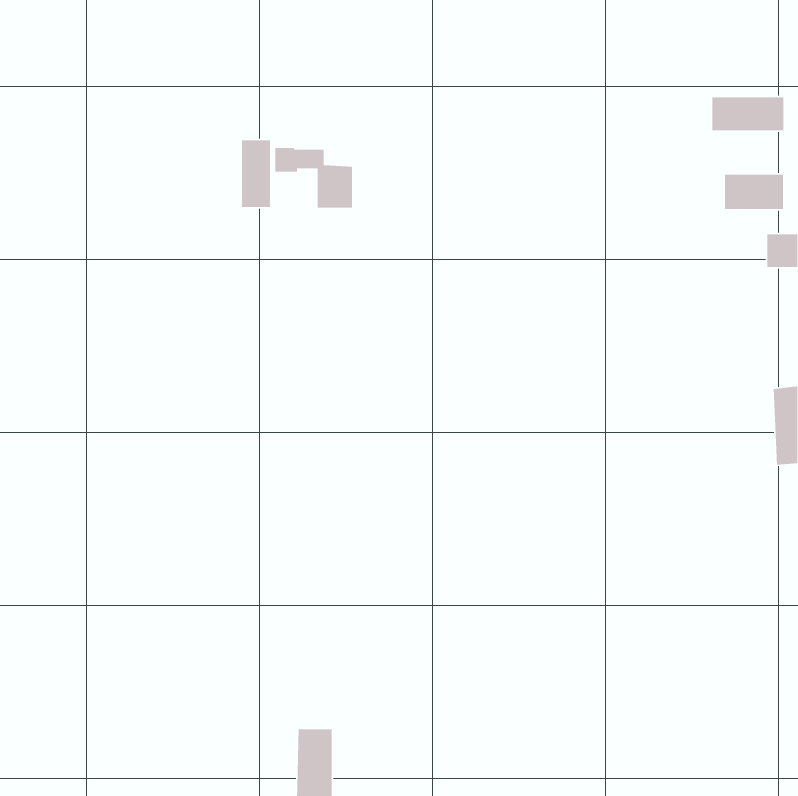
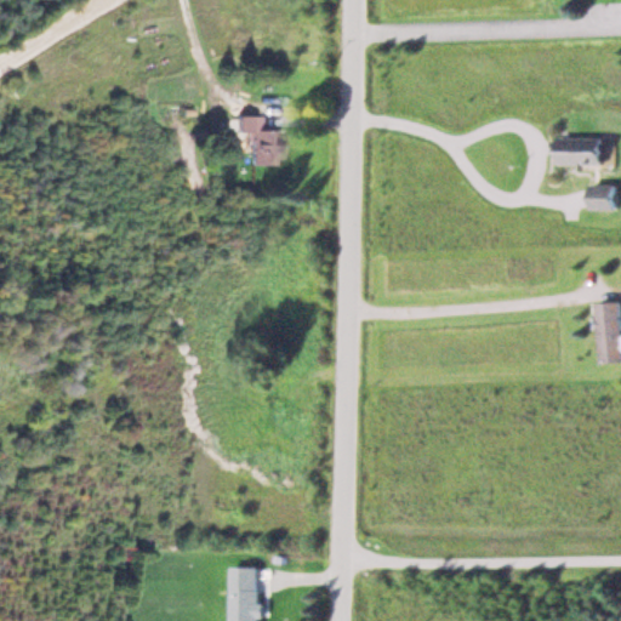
building: [712,96,784,131] -> none
building: [241,139,271,208] -> none

